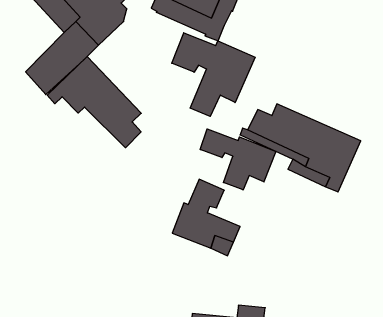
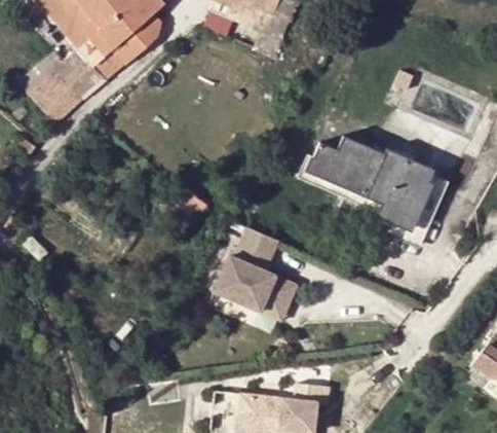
building: [172,33,255,116] -> none
building: [47,57,141,148] -> none
building: [200,129,276,190] -> none

